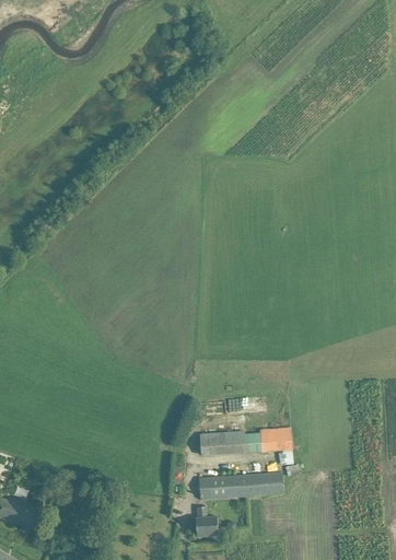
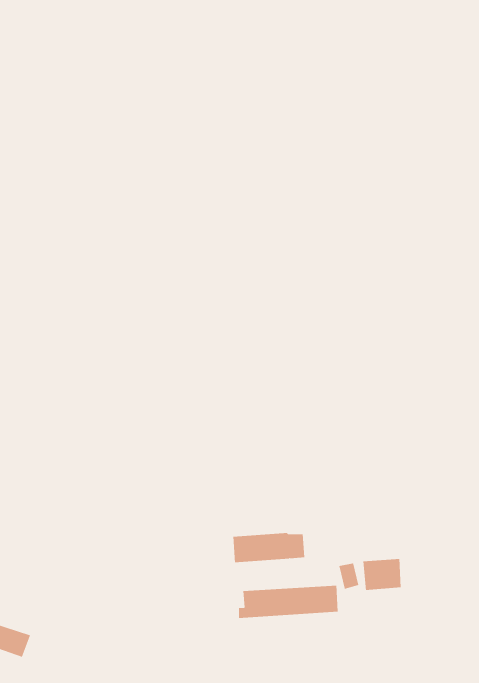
building: [260,427,291,452] -> [362,558,401,590]
building: [196,506,218,537] -> none

